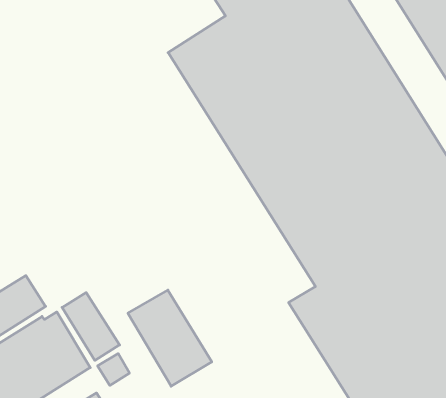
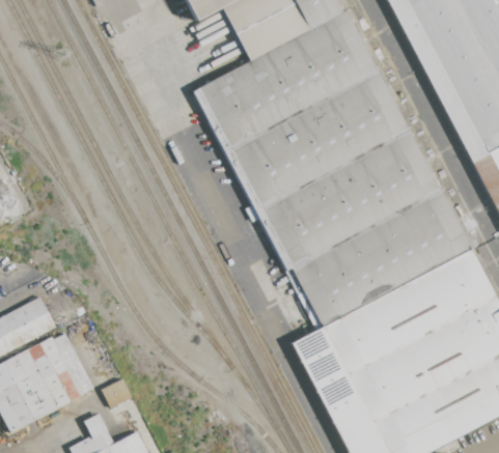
building: [128,290,212,386] -> none
building: [62,293,120,360] -> none

